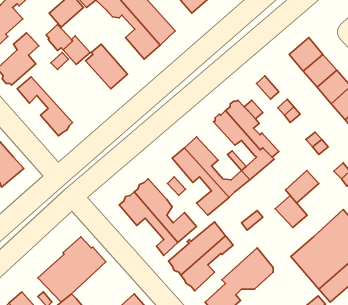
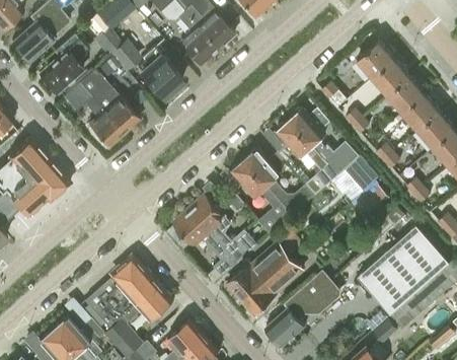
building: none -> [78,70,139,134]
building: [275,196,307,227] -> [345,157,379,192]
building: none -> [122,285,173,325]

